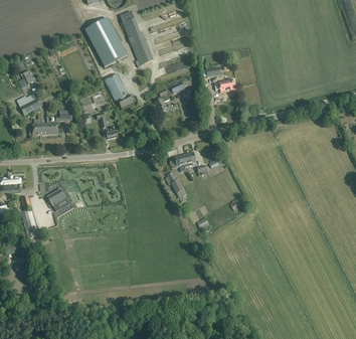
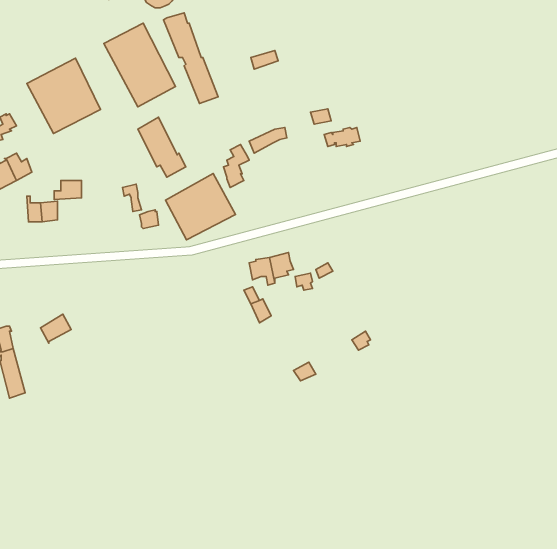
building: none -> [27,58,101,133]
building: none -> [166,173,236,240]

